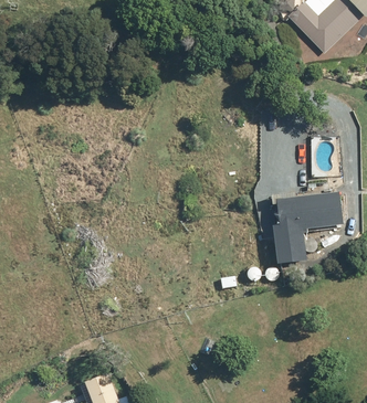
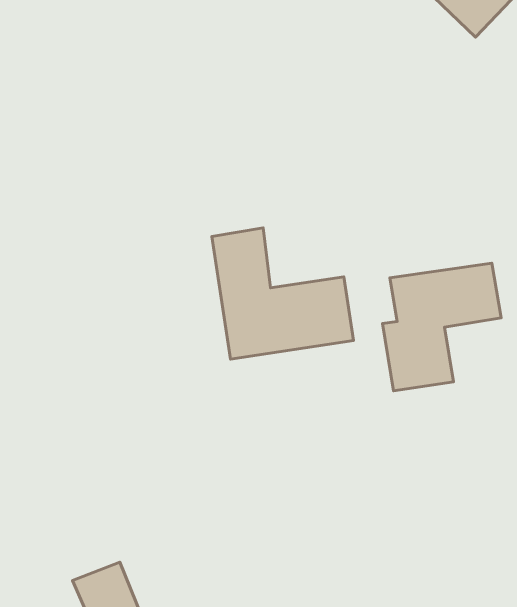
building: none -> [212,228,353,359]

